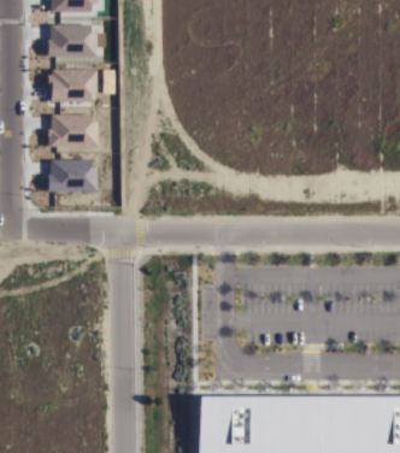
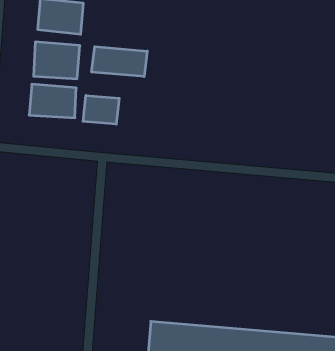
building: none -> [92,47,147,77]
building: none -> [83,95,119,124]

